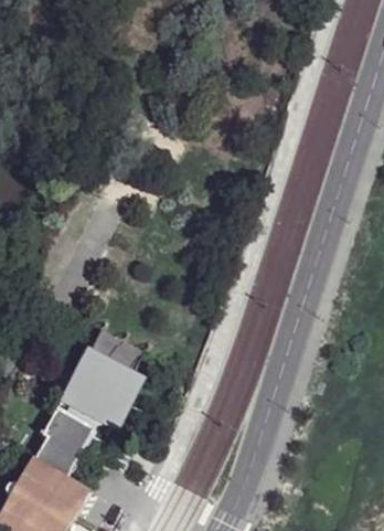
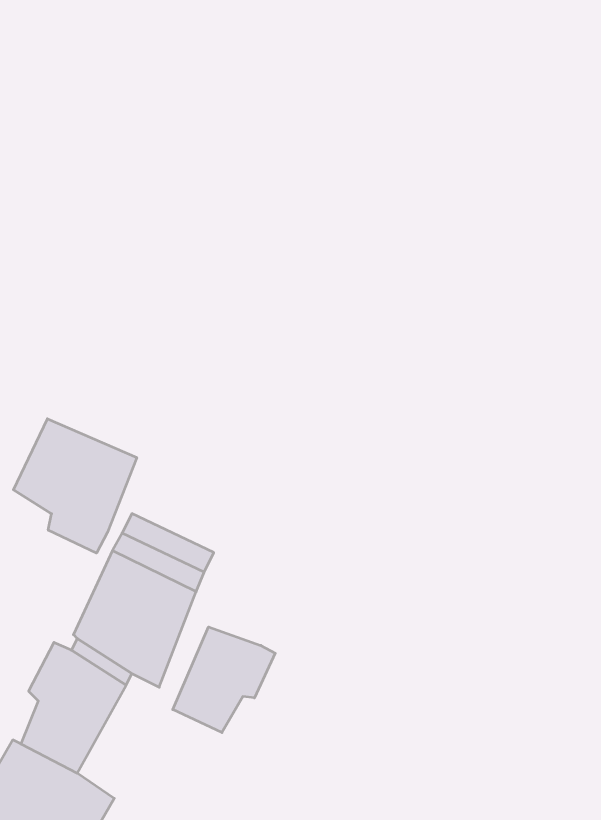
building: none -> [13,419,137,553]
building: none -> [173,627,275,733]

